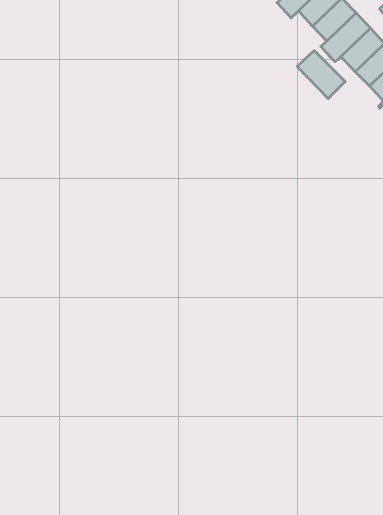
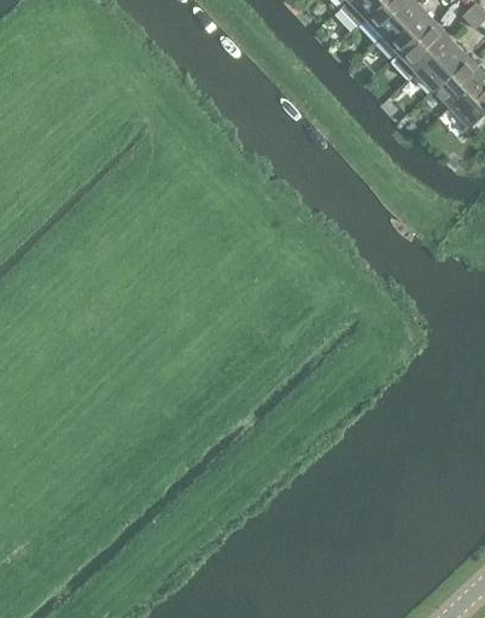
building: [297,51,345,99] -> none

